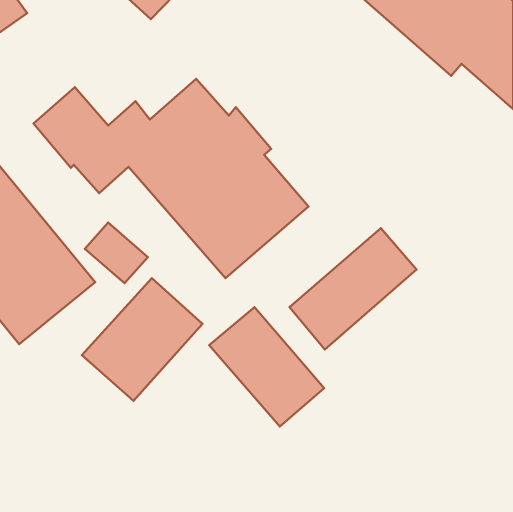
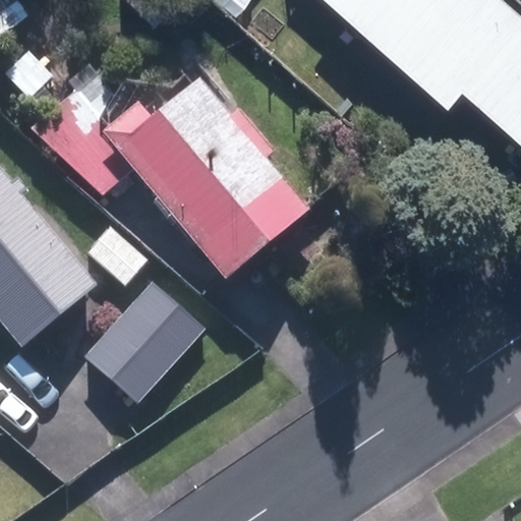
building: [289,228,417,349] -> none
building: [209,307,324,426] -> none

